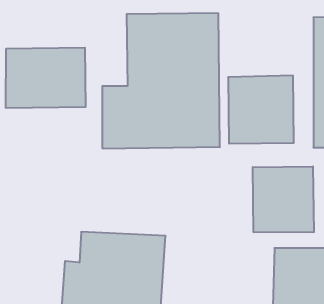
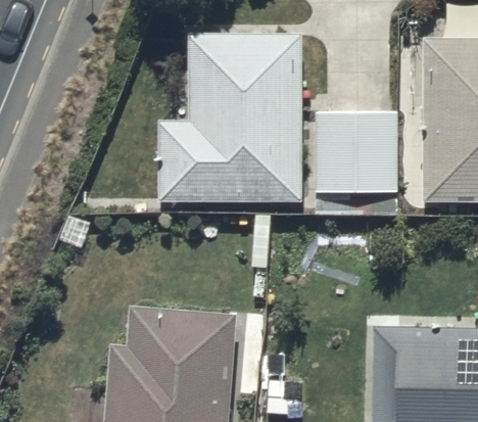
building: [6,48,86,108] -> none
building: [253,166,314,232] -> none

